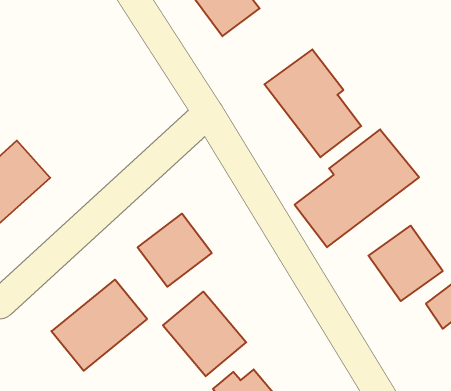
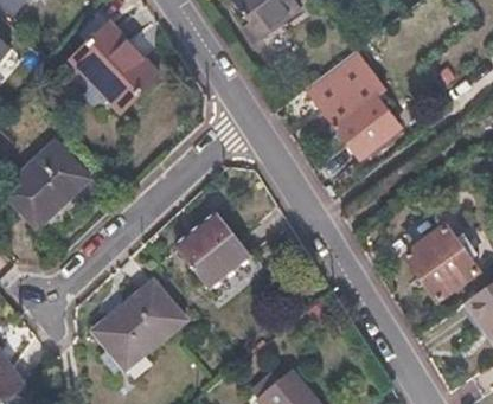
building: none -> [71,24,160,113]
building: [295,129,419,247] -> none
building: [163,292,246,376] -> none

